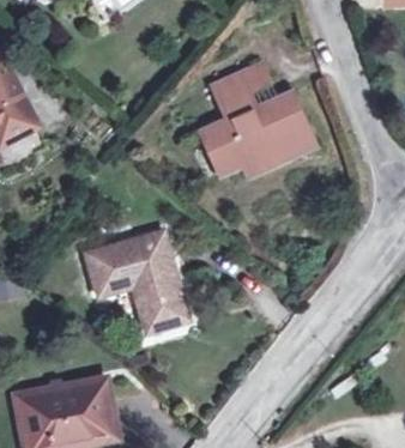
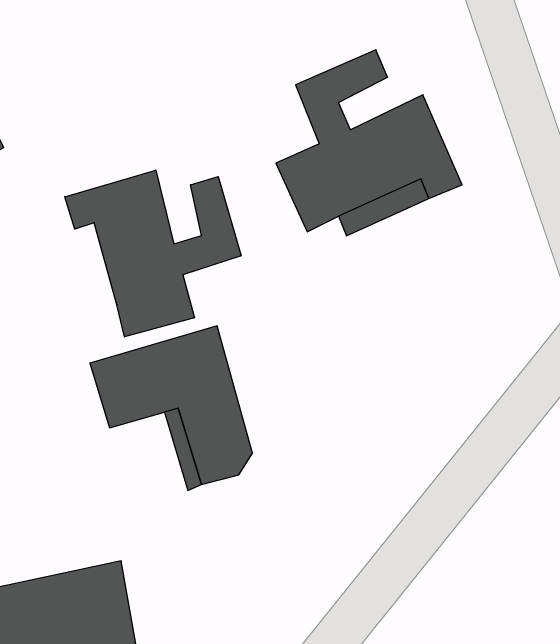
building: none -> [65,170,241,337]

